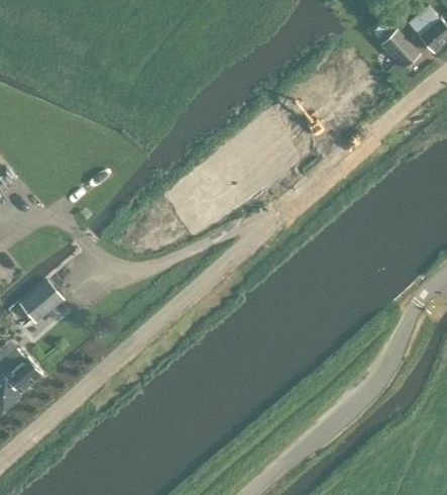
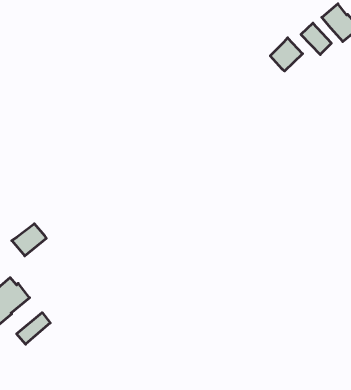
building: none -> [270,38,303,71]
building: none -> [17,313,50,344]

